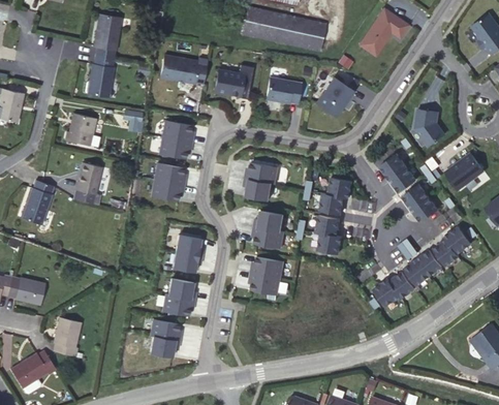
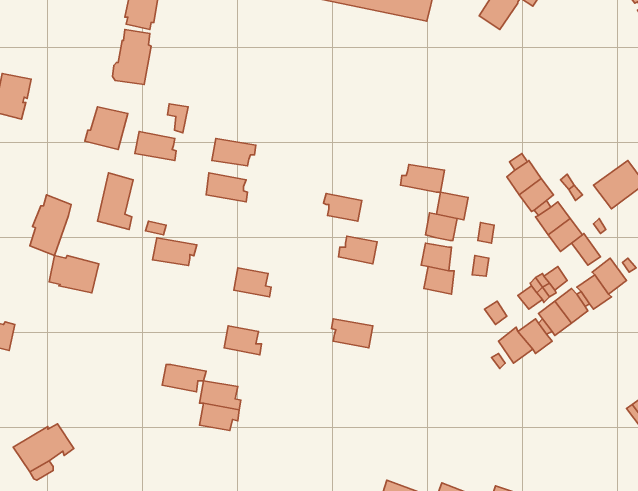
building: [160,56,208,85] -> none
building: [215,65,253,99] -> none
building: [266,77,302,104] -> none
building: [316,77,353,117] -> none
building: [415,110,444,145] -> none
building: [162,121,193,143] -> [135,132,176,161]
building: [245,163,278,184] -> [401,165,445,192]
building: [152,180,185,200] -> [153,238,197,265]
building: [252,226,284,248] -> none
building: [169,251,202,272] -> none
building: [250,257,283,278] -> none
building: [7,277,44,305] -> [49,256,99,293]
building: [162,294,195,315] -> [162,364,206,392]
building: [54,318,80,355] -> none

